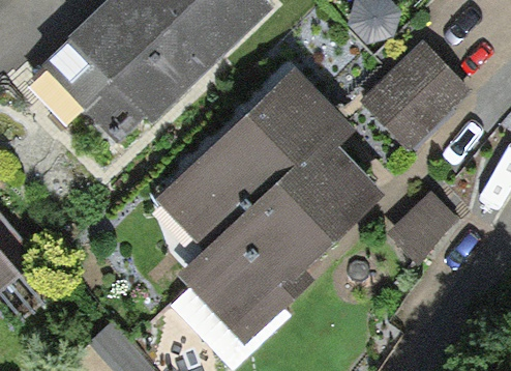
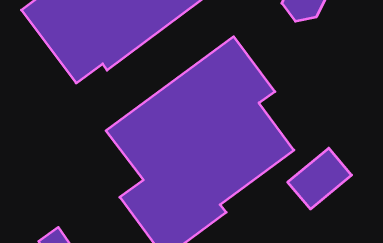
building: [361,38,470,147] -> none

